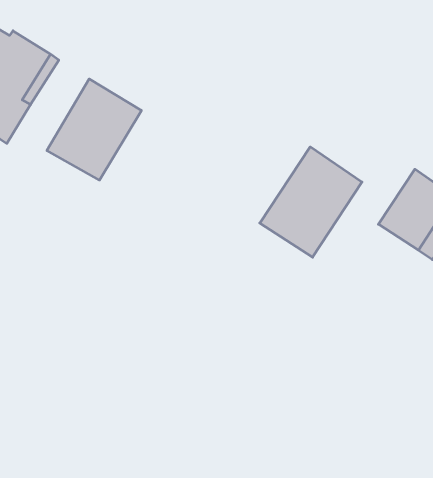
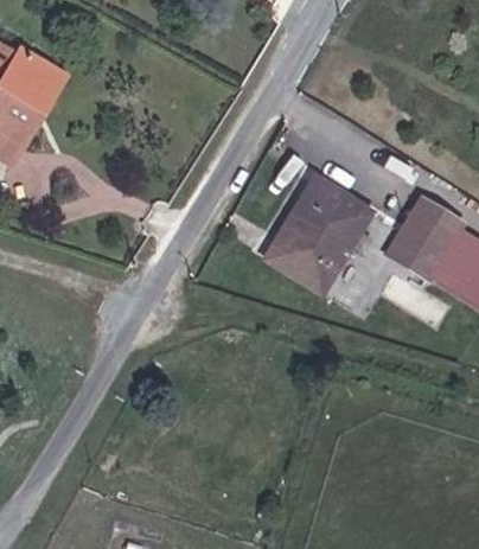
building: [47,79,141,180] -> none

